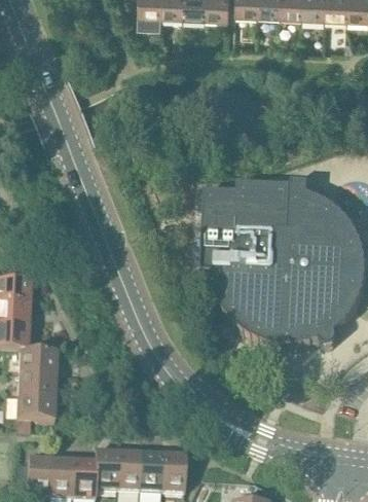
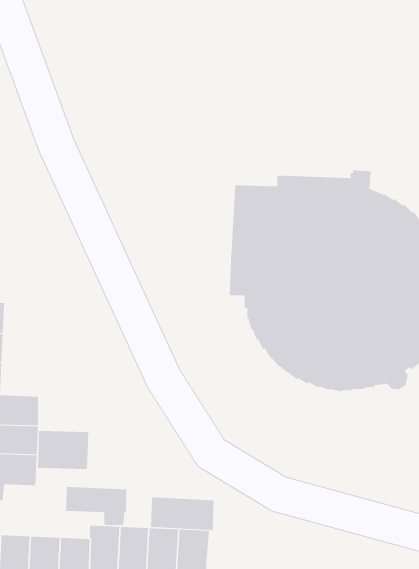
building: none -> [37,430,89,470]
building: none -> [66,486,127,526]
building: none -> [151,497,214,531]

